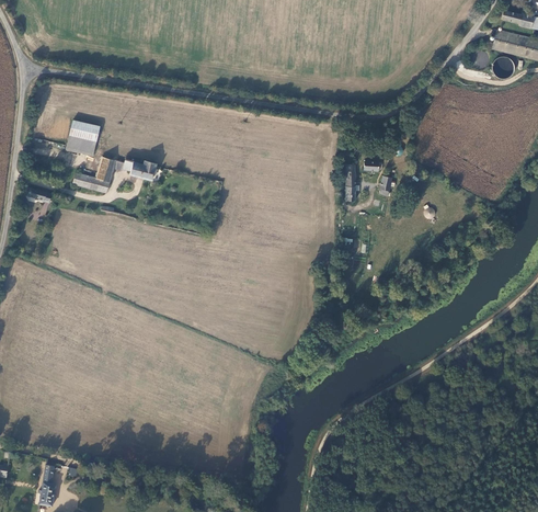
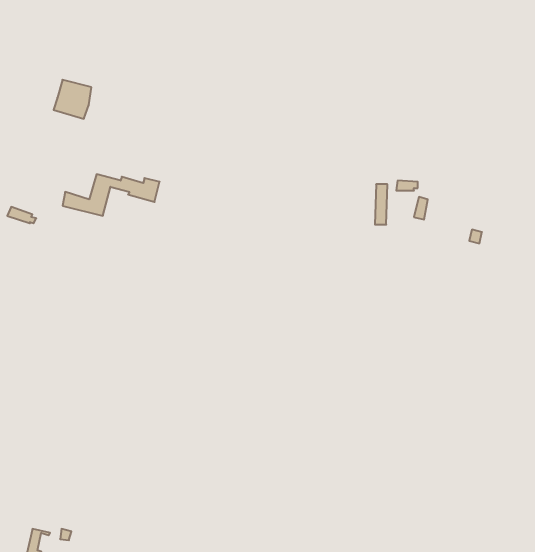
building: [66,118,99,152] -> [54,80,91,119]

